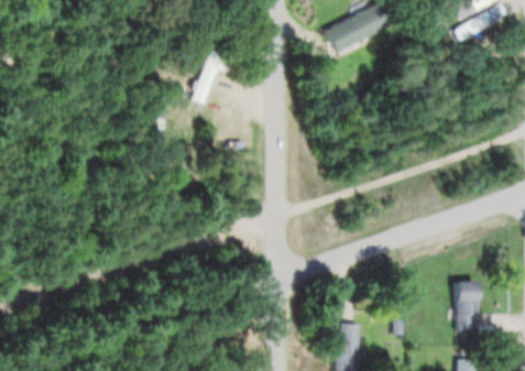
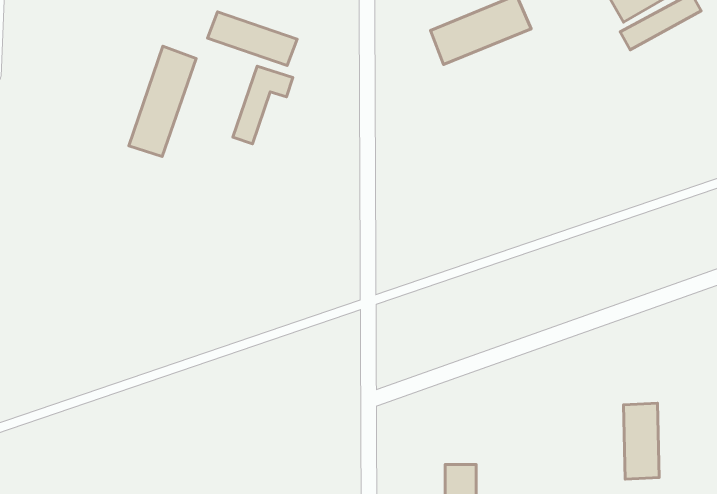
building: none -> [207,12,297,66]
building: none -> [129,46,196,156]

